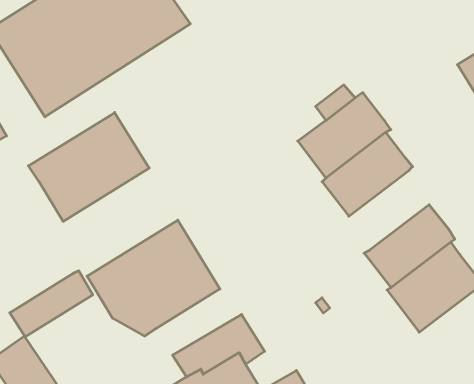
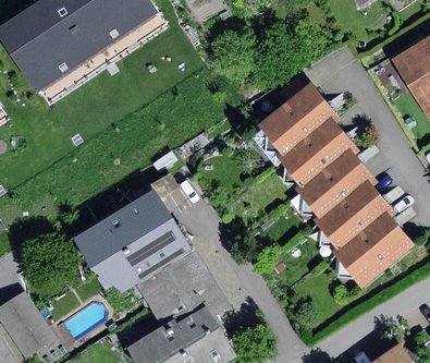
building: [28,112,149,221] -> none
building: none -> [296,149,371,218]
building: [10,271,93,337] -> [135,249,206,305]

